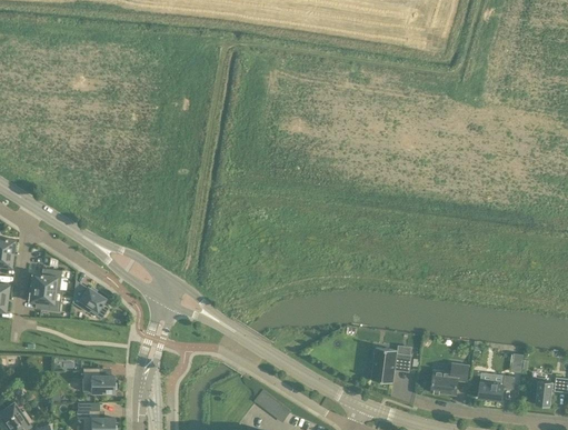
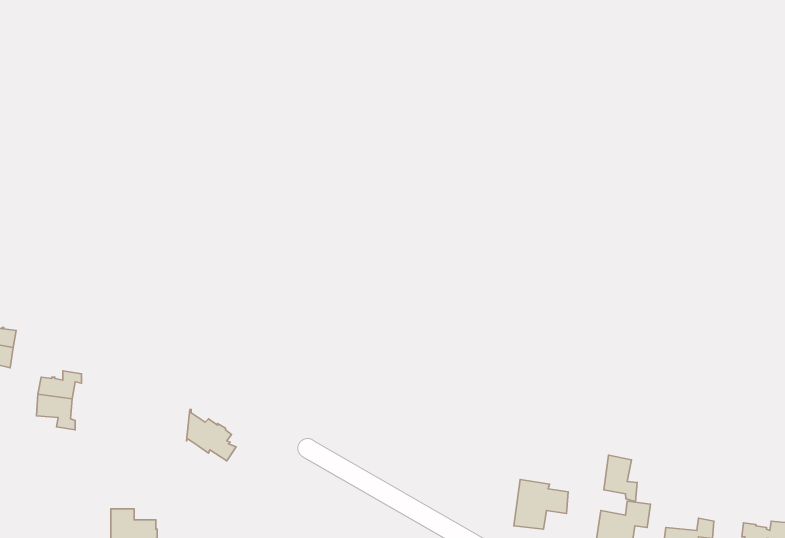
building: [72,281,108,318] -> [187,410,236,461]
building: none -> [604,455,637,501]

